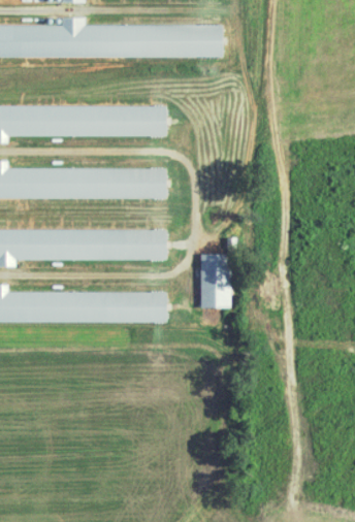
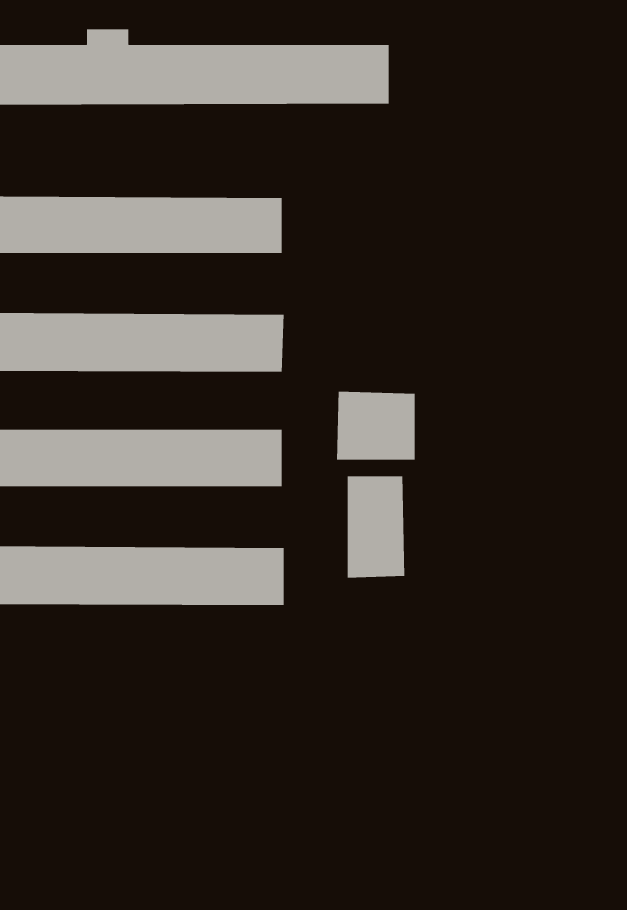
building: none -> [336,391,416,460]

